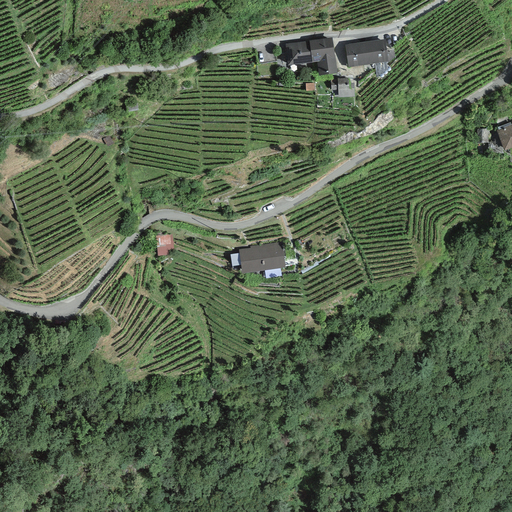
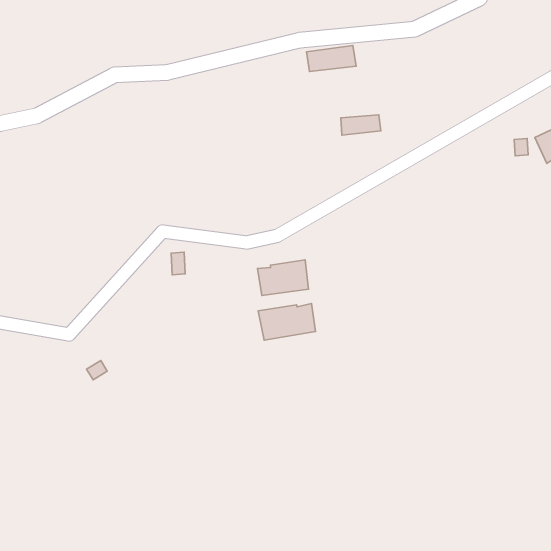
building: [343,45,380,64] -> [341,115,381,135]
building: none -> [258,304,316,340]

